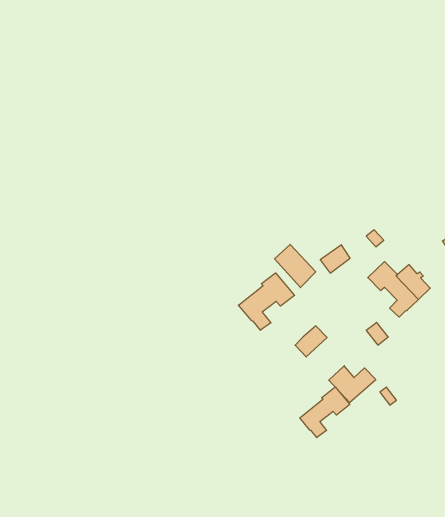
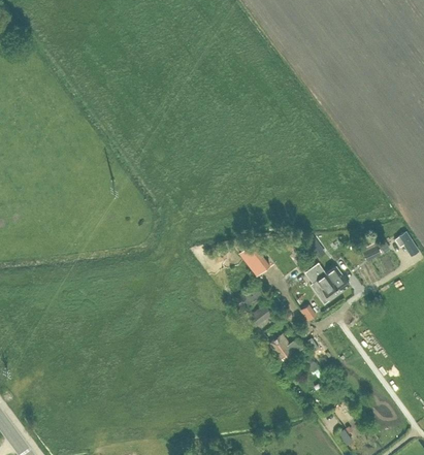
building: [238,273,295,330] -> none
building: [300,387,350,438] -> none

